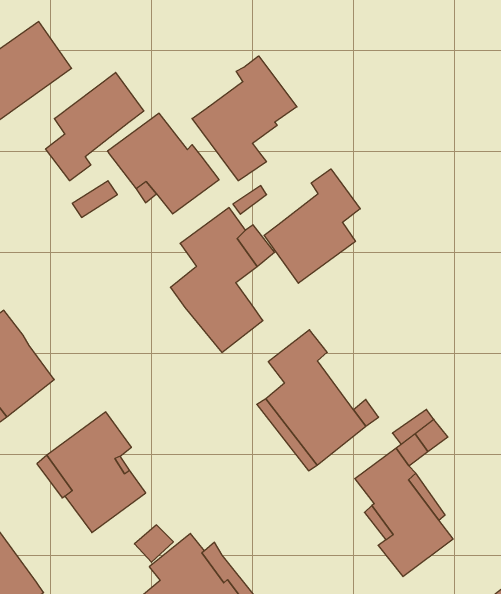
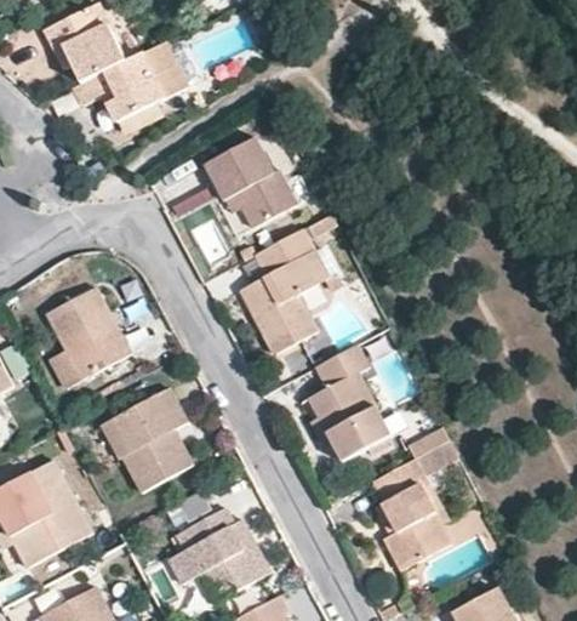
building: [192,56,297,181] -> none
building: [46,72,144,181] -> none
building: [264,169,360,283] -> none

